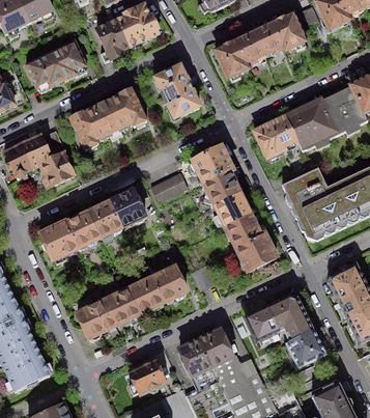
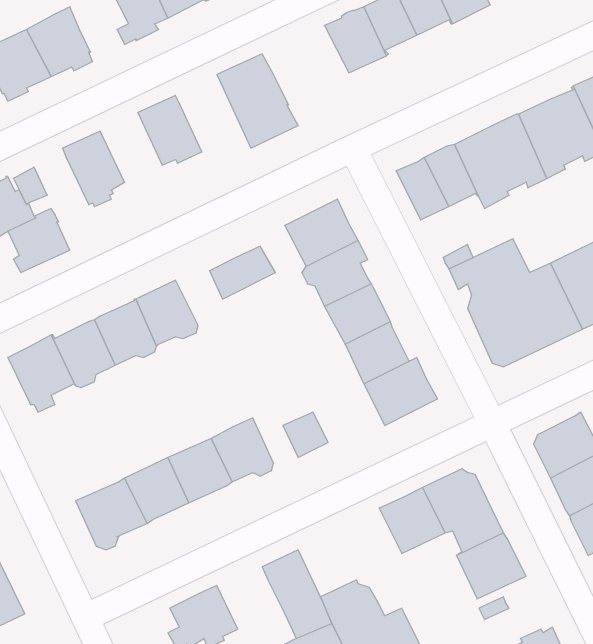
building: [90,97,124,136] -> none
building: [199,329,231,364] -> none

